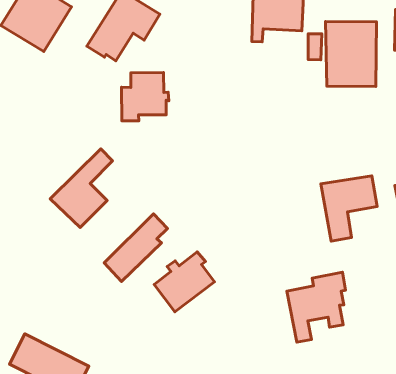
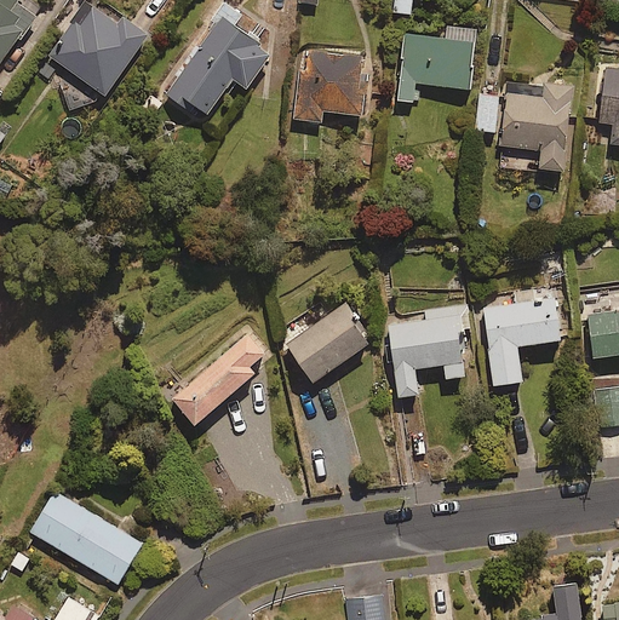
building: [121,73,169,121] -> [298,52,366,120]
building: [50,149,112,227] -> none
building: [154,252,214,312] -> [285,302,369,384]
building: [287,272,345,342] -> [389,303,471,397]

